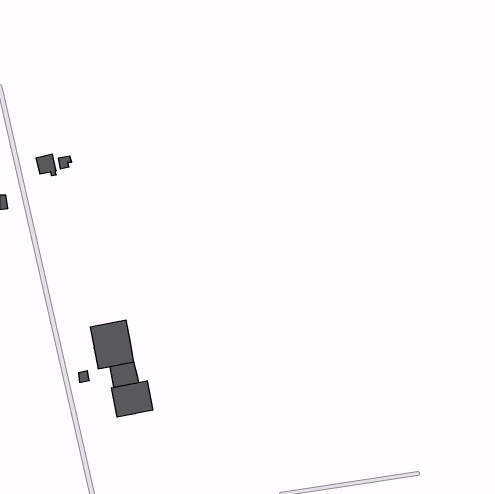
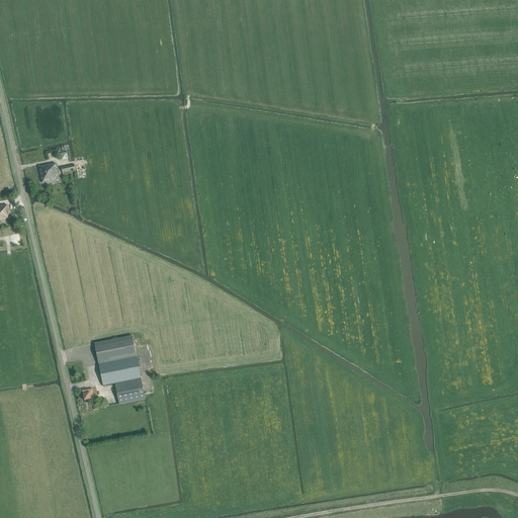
building: [112,381,153,417] -> none

